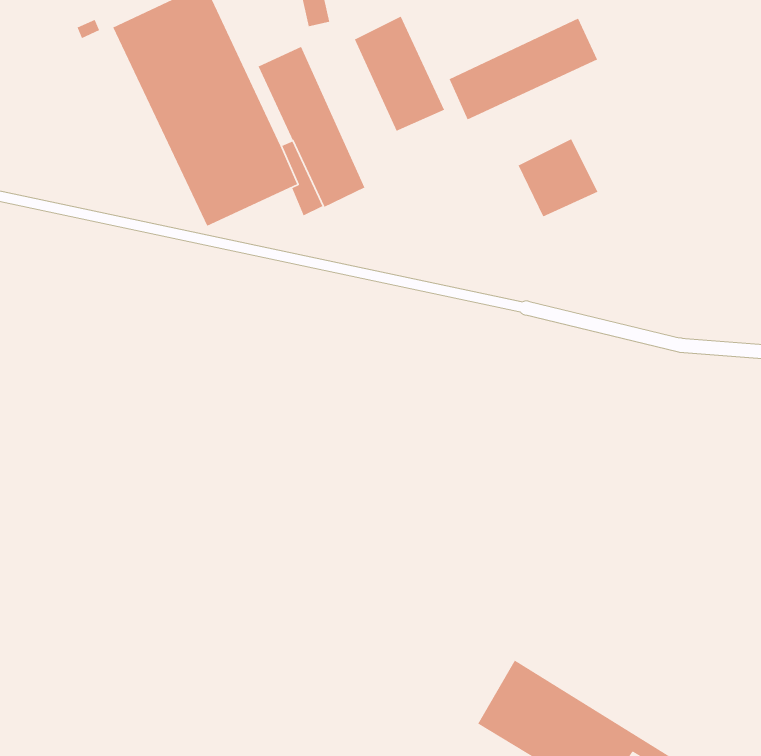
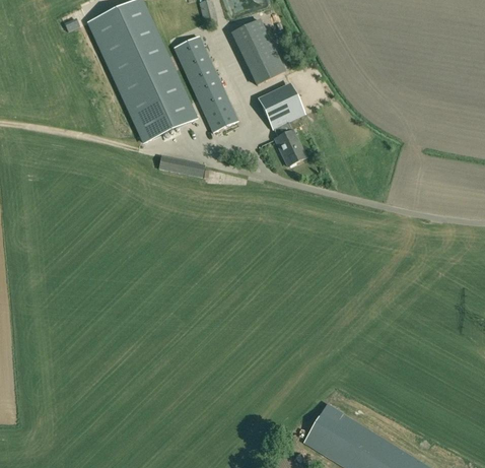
building: [449,17,598,120] -> none
building: [517,138,599,218] -> [257,81,305,129]
building: none -> [275,129,305,164]

